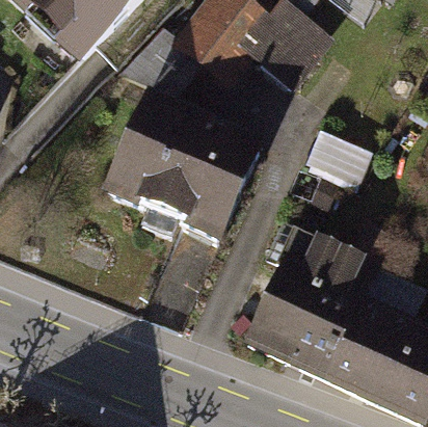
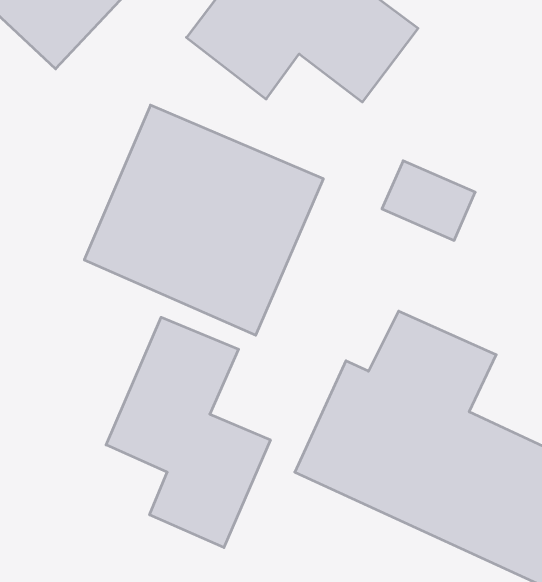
building: none -> [106,317,270,548]

